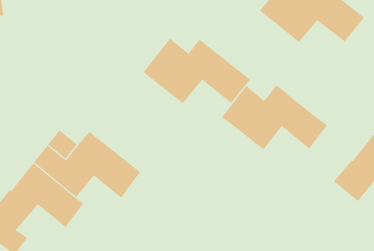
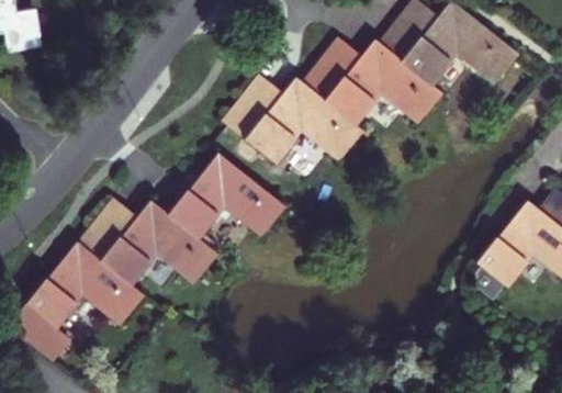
building: [221,84,328,150] -> [303,40,443,126]
building: none -> [170,151,291,239]

